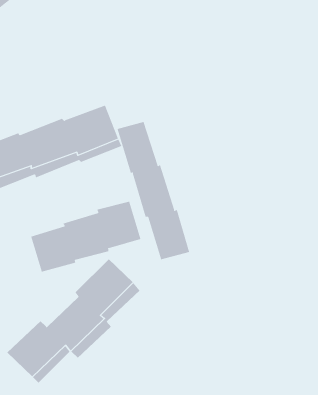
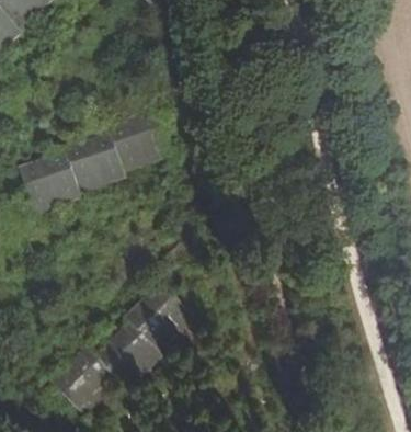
building: [117,121,190,260] -> none
building: [31,201,141,272] -> none

